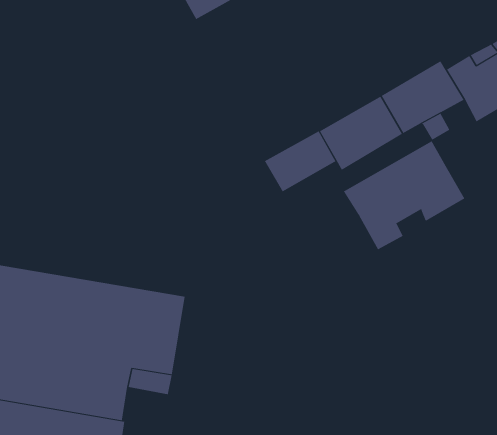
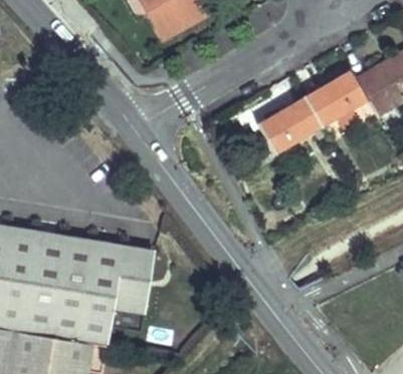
building: [264,131,336,192] -> none
building: [343,140,465,250] -> none

